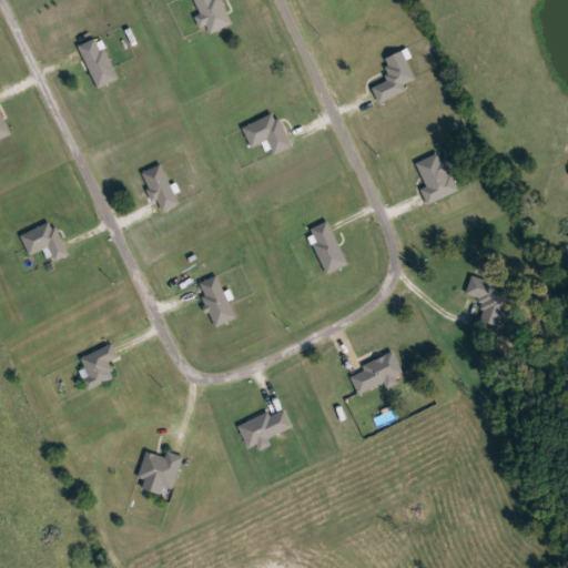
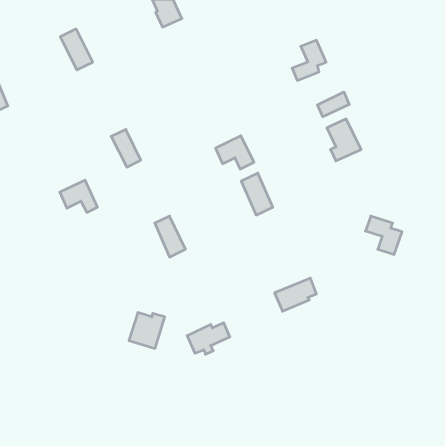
building: [242,112,291,154] -> [216,136,254,169]
building: none -> [317,92,349,117]
building: [20,220,68,261] -> [60,180,97,212]
building: [80,343,118,388] -> none
building: [136,450,182,496] -> [129,313,165,348]

